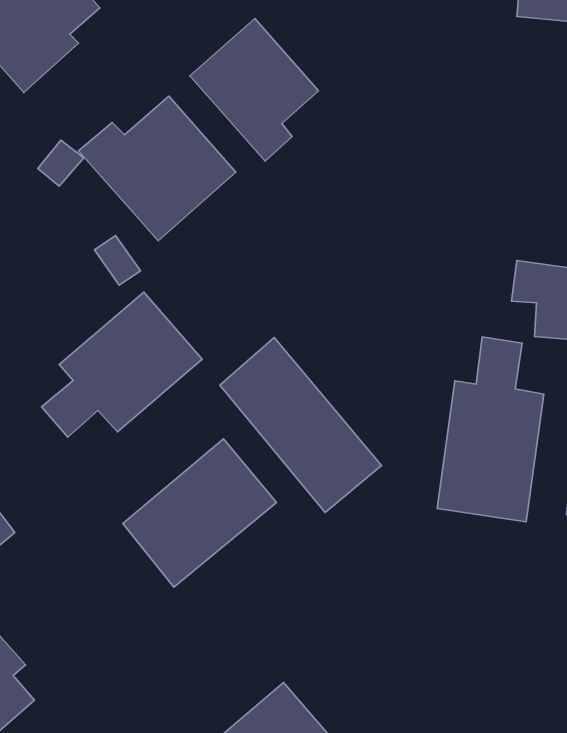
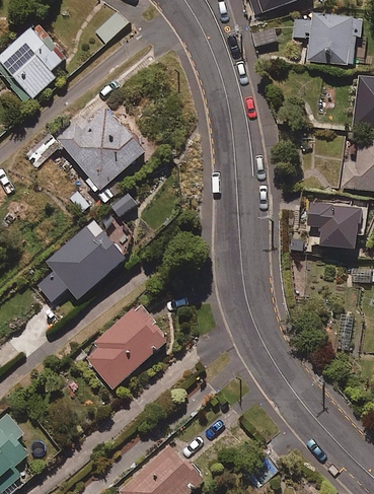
building: [190,19,318,161] -> none
building: [437,337,544,522] -> none
building: [220,338,382,512] -> none

